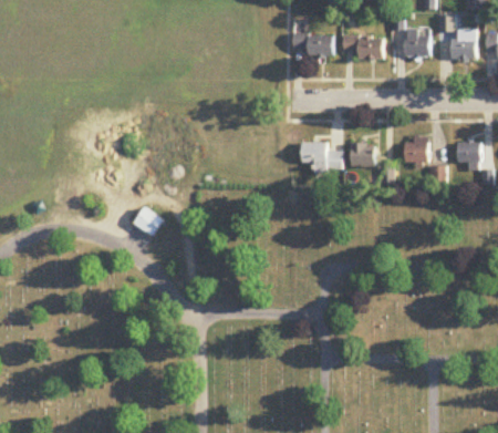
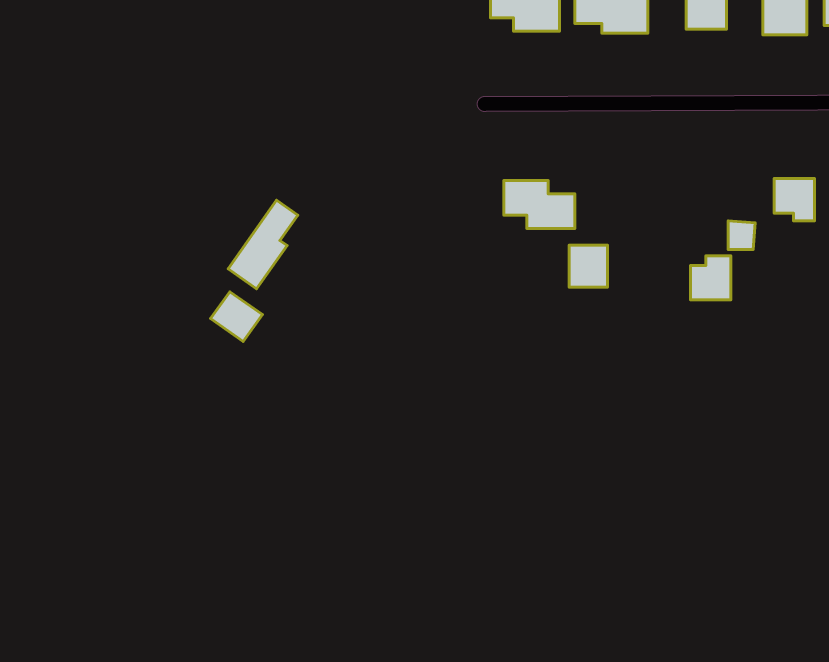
building: [404,136,427,162] -> [690,256,731,300]
building: [351,143,373,167] -> [569,245,608,287]
building: none -> [228,200,298,289]

